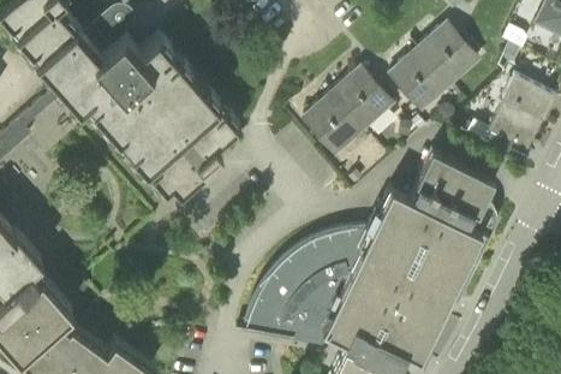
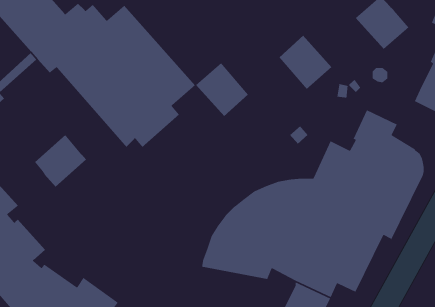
building: [388,48,449,109] -> none
building: [303,93,363,154] -> [195,62,249,117]
building: none -> [34,134,87,187]

